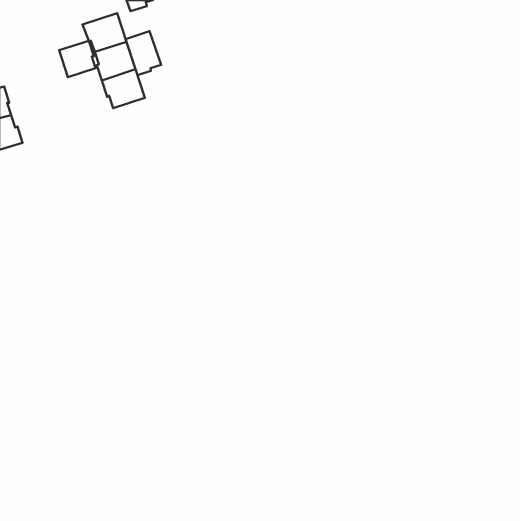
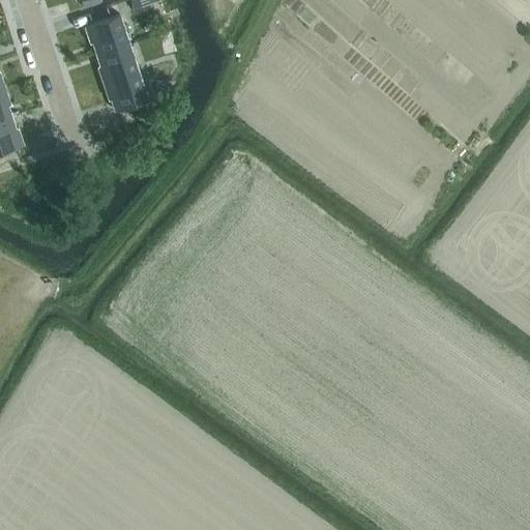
building: [126,31,161,75] -> none
building: [59,41,96,77] -> none

